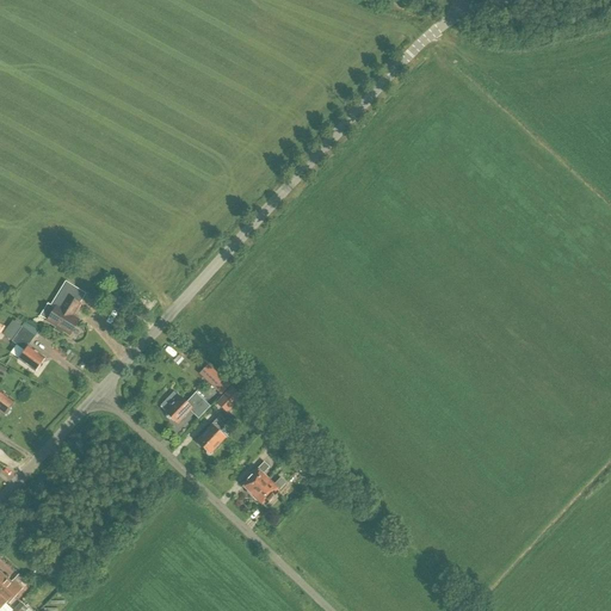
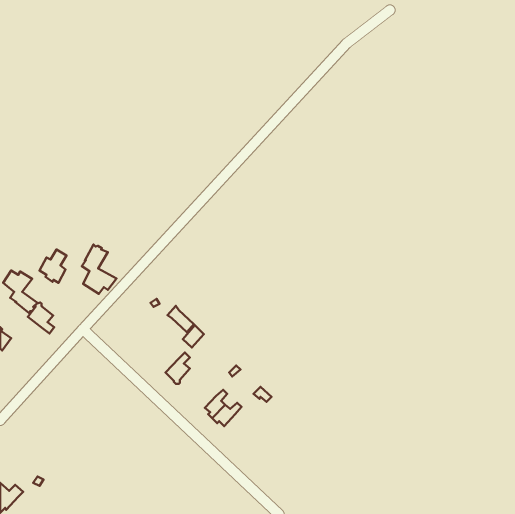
building: none -> [82,245,117,294]
building: none -> [28,303,54,333]
building: [161,393,203,421] -> none

